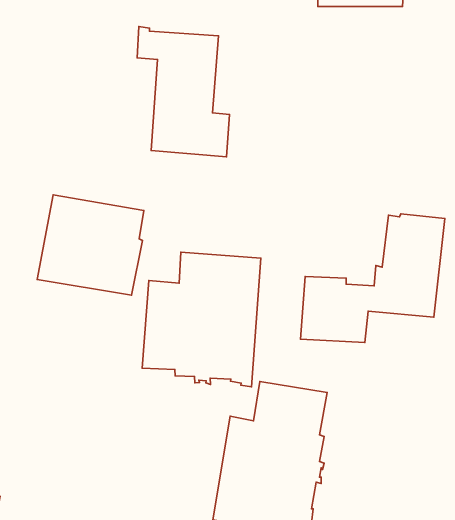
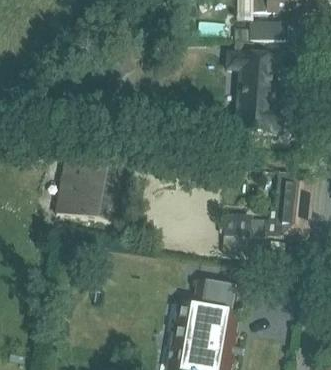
building: [137,27,230,157] -> [225,51,284,134]
building: [142,252,261,387] -> none

